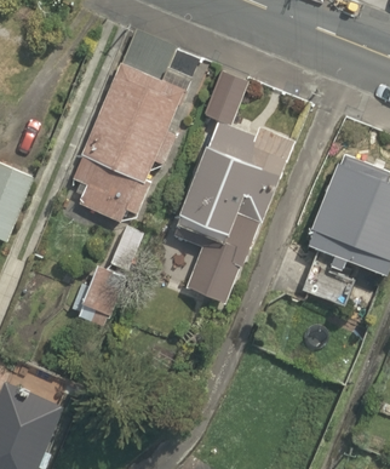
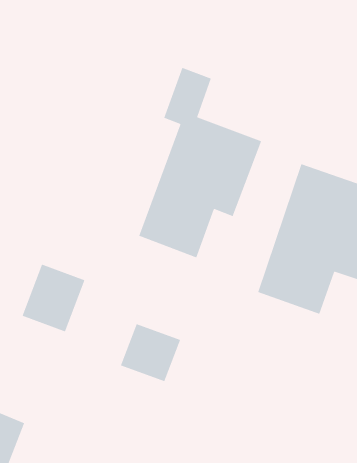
building: [61,63,187,229] -> none
building: [185,250,245,307] -> [120,323,181,382]

